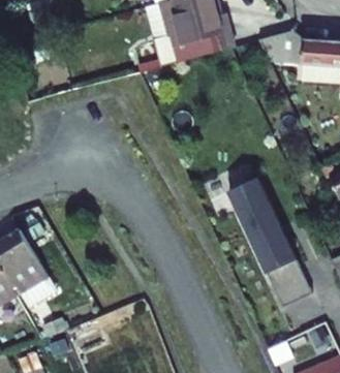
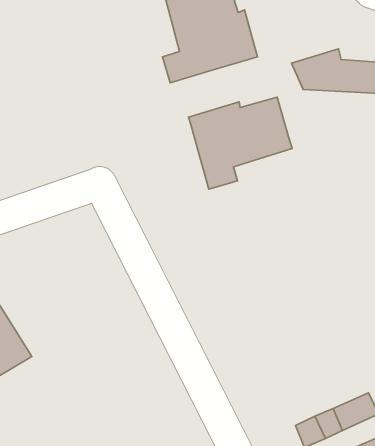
building: none -> [188,97,292,189]
building: [226,173,310,304] -> none

